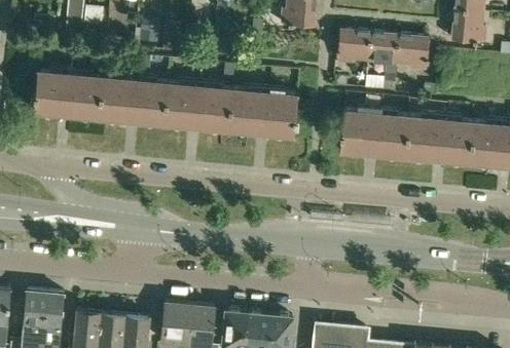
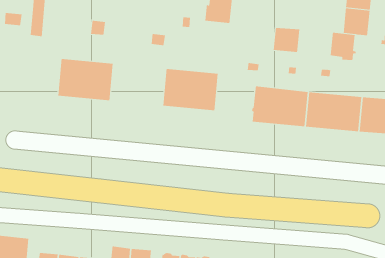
building: [335,32,367,65] -> none
building: [395,37,428,72] -> [330,32,356,61]
building: [33,67,103,119] -> none
building: [163,79,232,131] -> none

